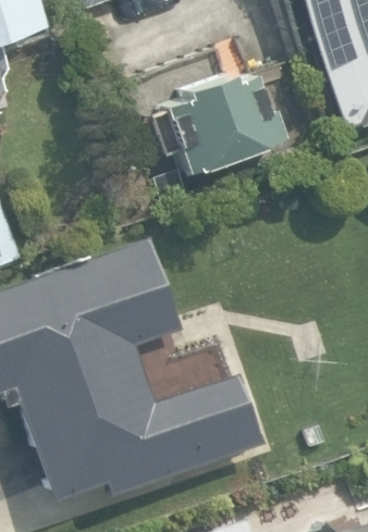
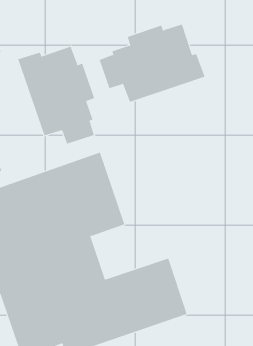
building: none -> [18,46,95,145]

